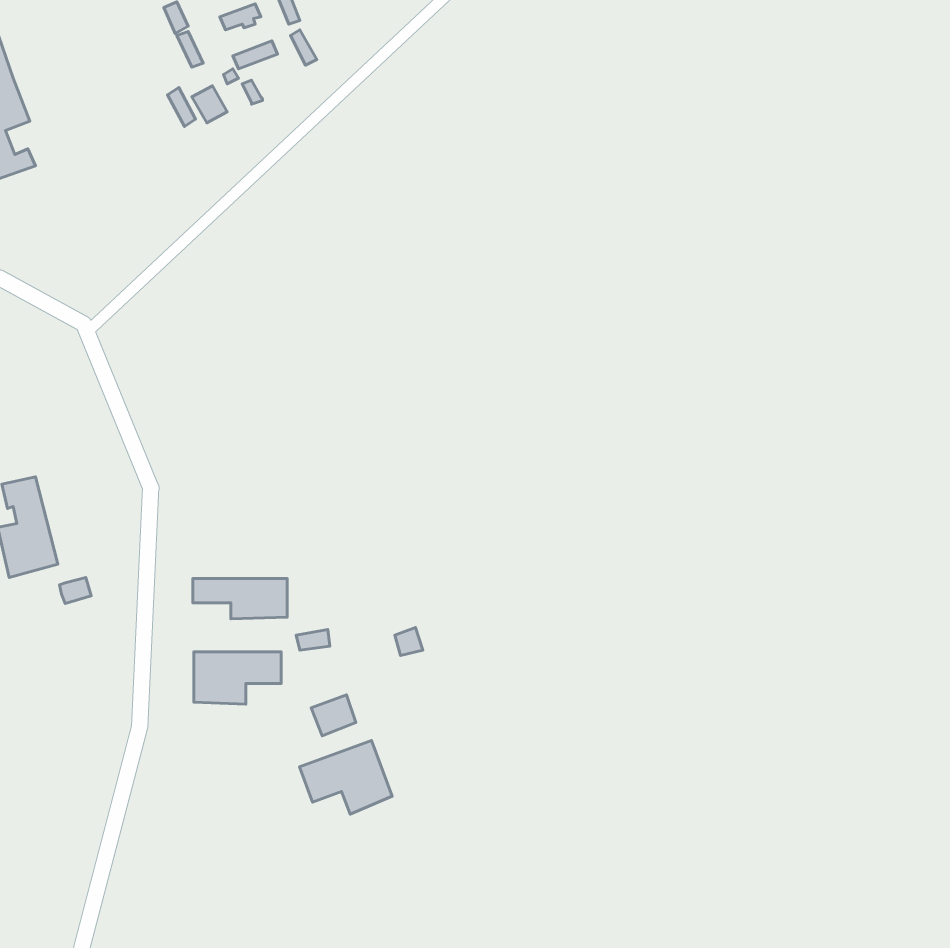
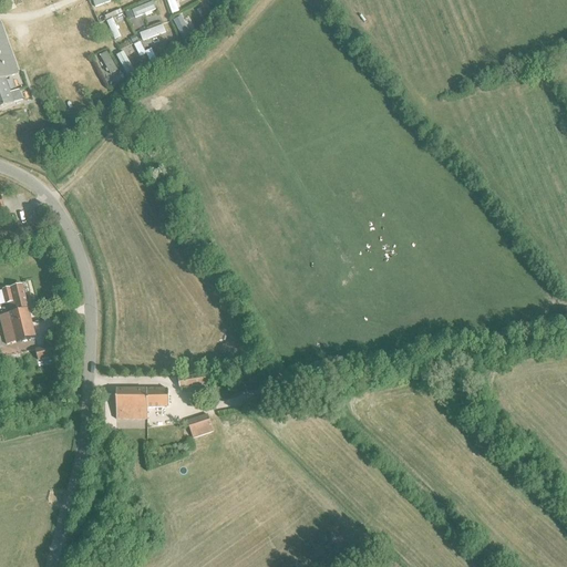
building: [193,579,287,619] -> none
building: [300,740,392,814] -> none

